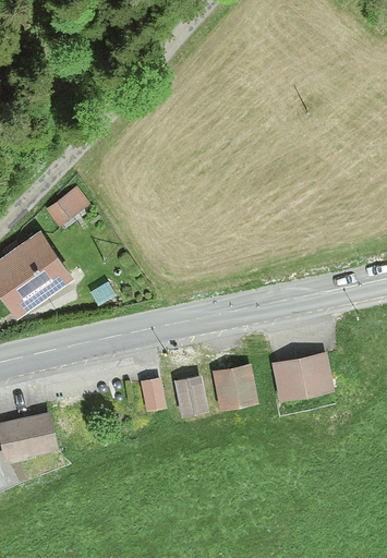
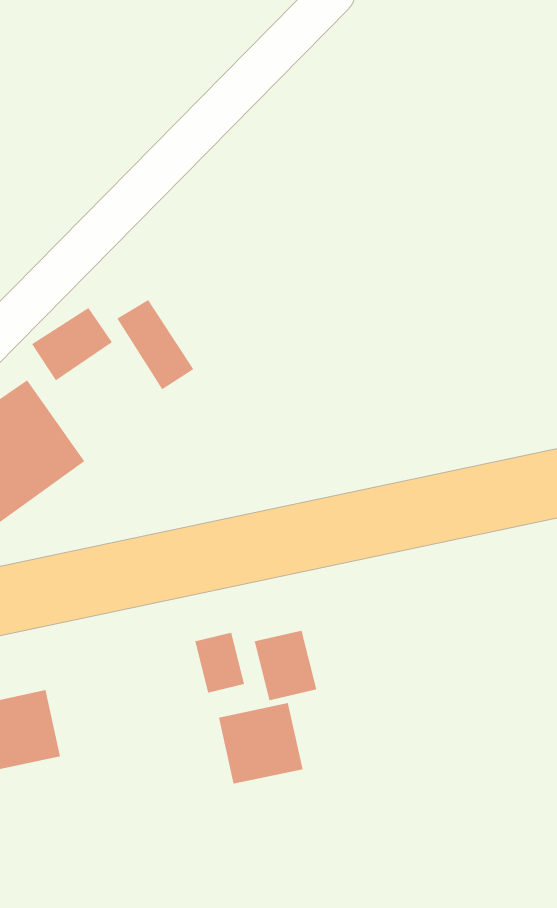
building: none -> [117,299,194,390]
building: [269,353,334,404] -> none
building: [209,362,259,410] -> [218,702,303,784]

